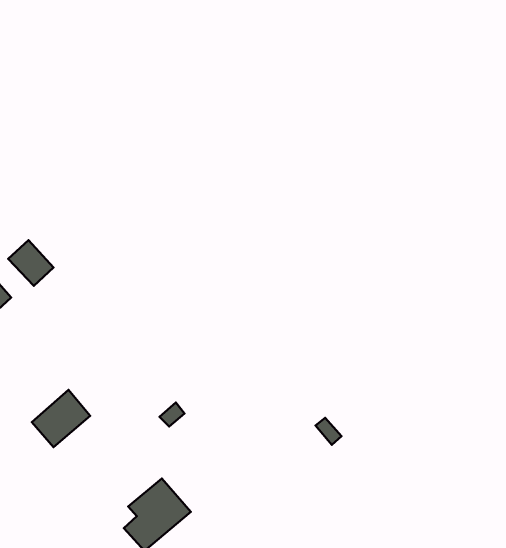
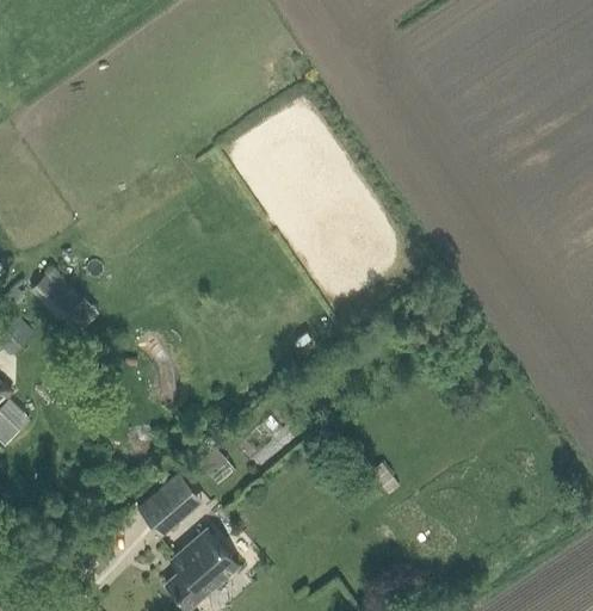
building: [32,390,90,447] -> [140,474,204,537]

